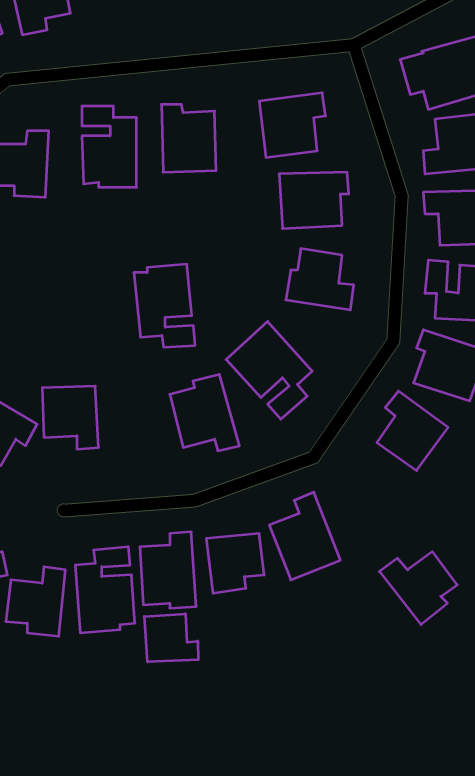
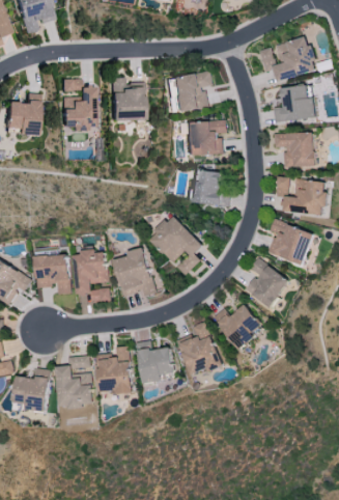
building: [134,264,195,347] -> [73,249,111,301]
building: [379,552,457,625] -> [213,304,261,350]
building: [144,614,198,662] -> none

